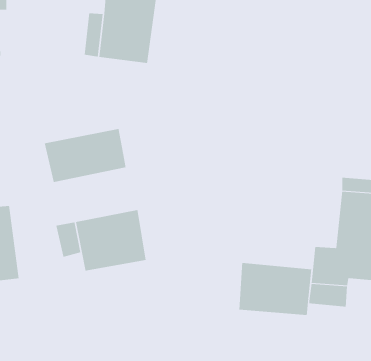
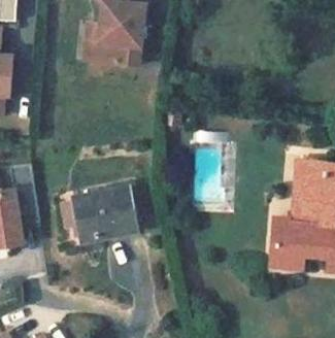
building: [44,128,126,183] -> none
building: [239,262,312,316] -> none

